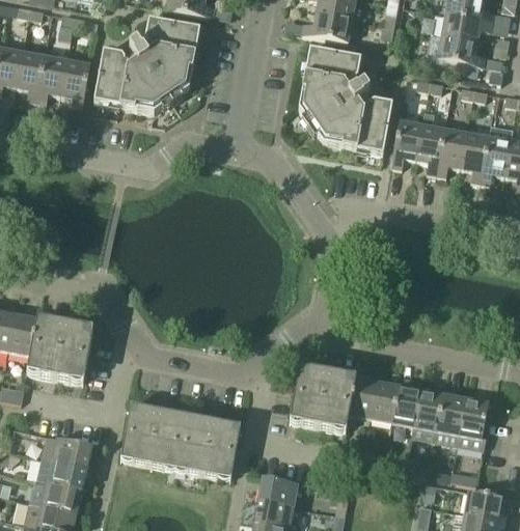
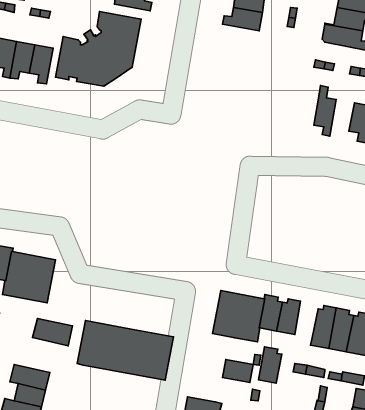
building: [299,47,392,153] -> none
building: [391,119,422,167] -> none
building: [436,128,467,175] -> none
building: [392,380,421,425] -> [259,347,282,383]
building: [42,435,91,469] -> [32,318,72,346]
building: [258,476,297,505] -> [223,359,253,383]

